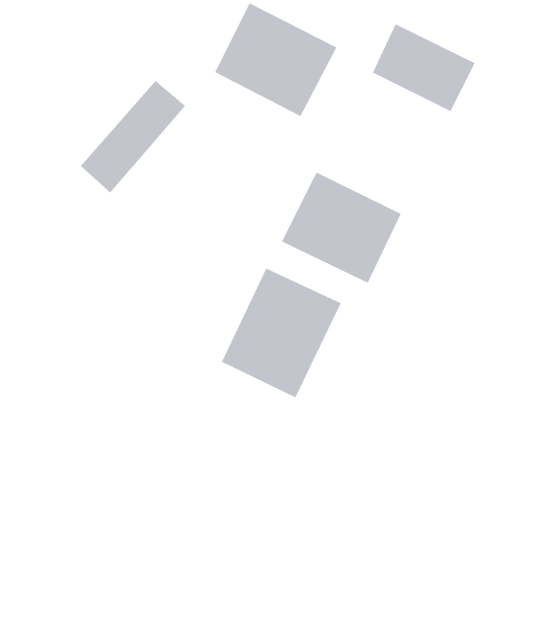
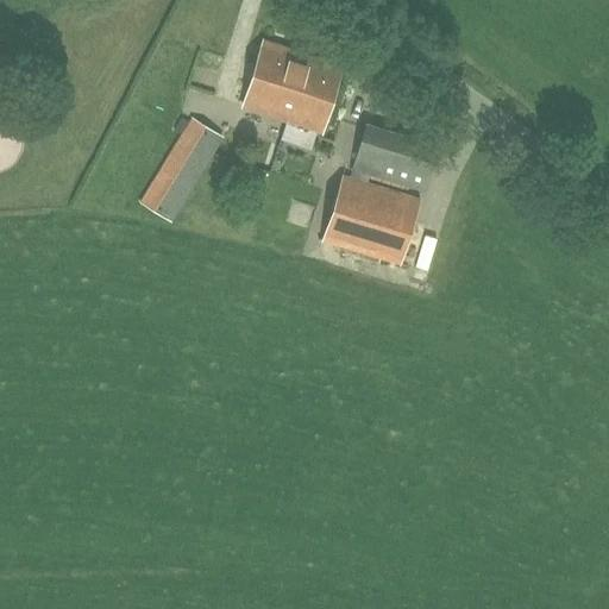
building: [372,23,476,112] -> [353,123,440,190]
building: [221,268,342,398] -> none

